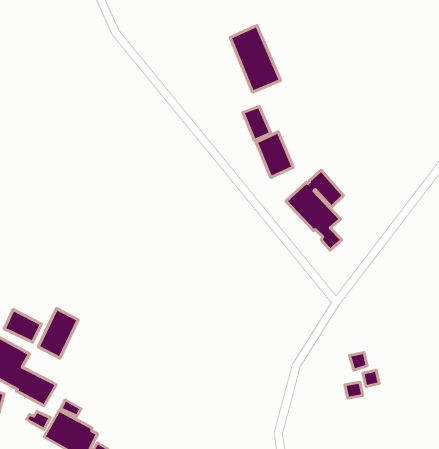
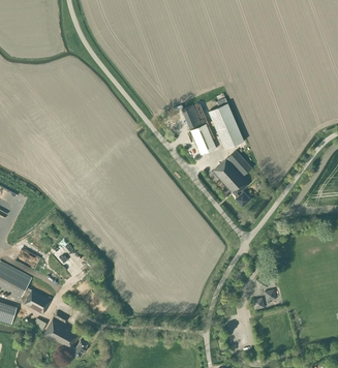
building: [230,26,281,92] -> [209,102,244,149]
building: [38,308,78,358] -> none

